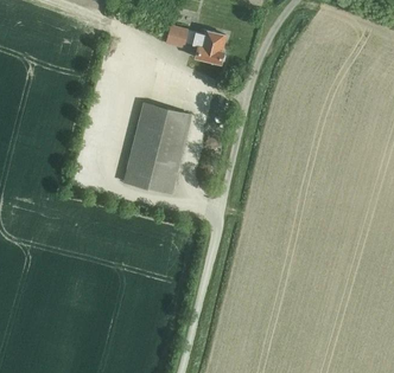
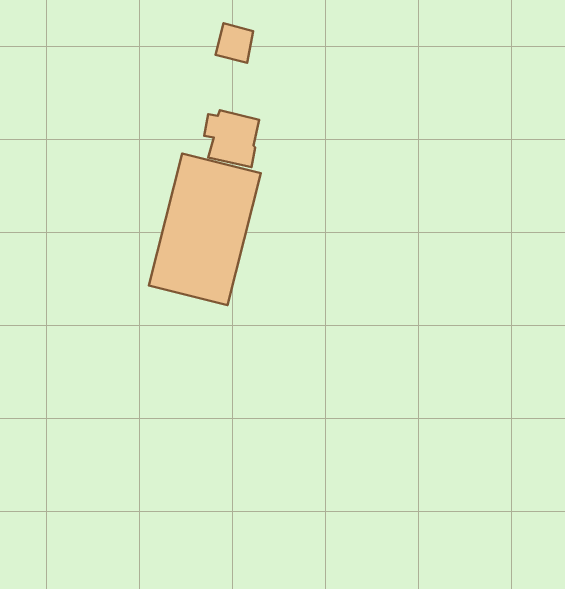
building: [192,30,225,64] -> [204,110,259,167]

